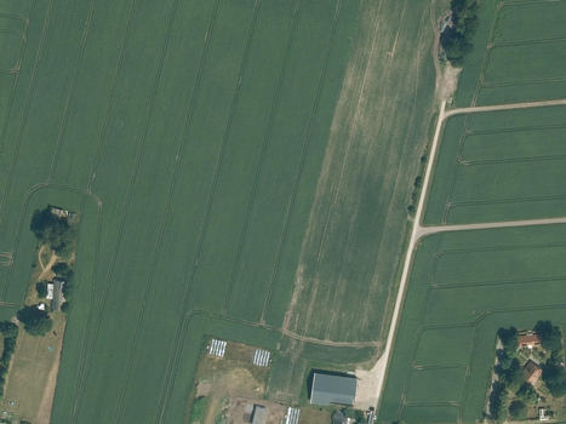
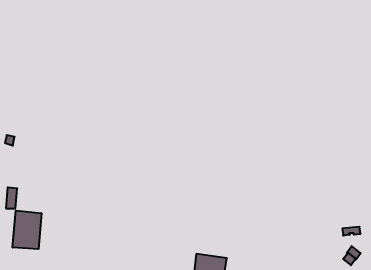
building: none -> [13,211,41,249]

